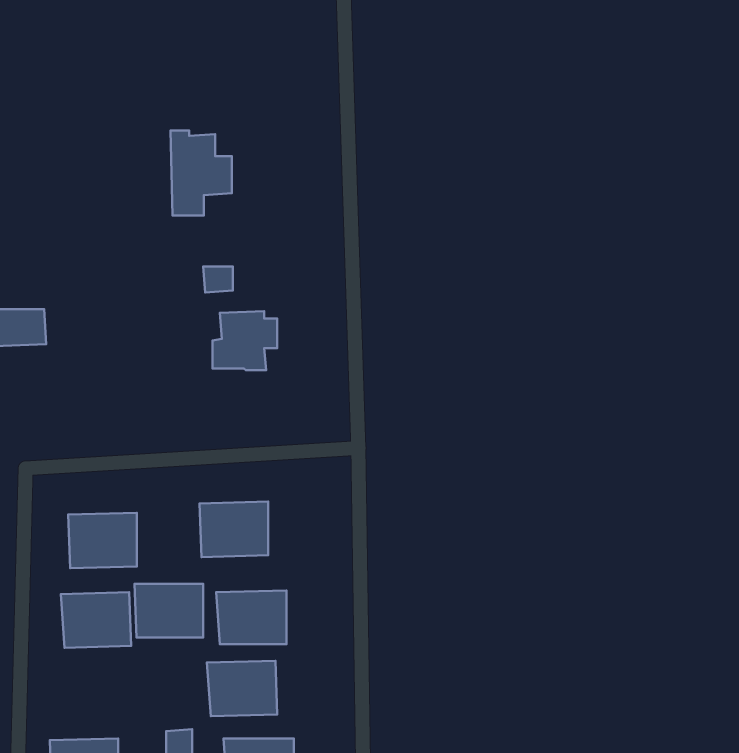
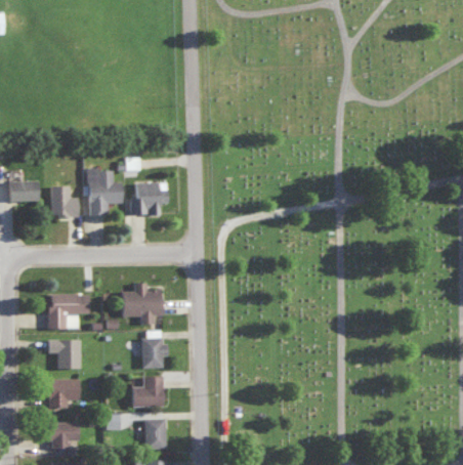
building: [171,130,232,216] -> [87,168,121,215]
building: none -> [50,185,77,217]
building: [135,584,203,637] -> [44,378,82,408]

